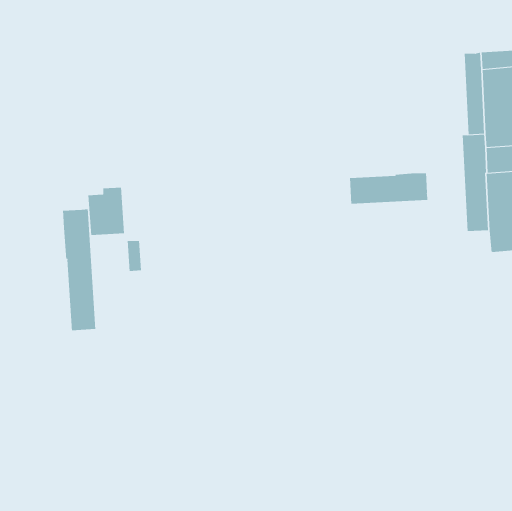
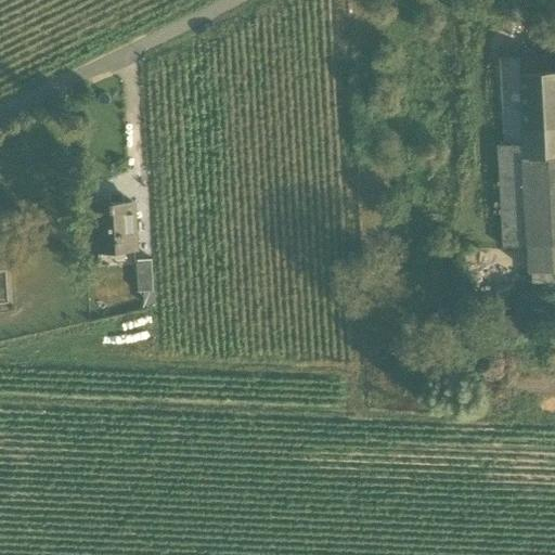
building: [349,172,428,205] -> none
building: [63,208,96,331] -> none

